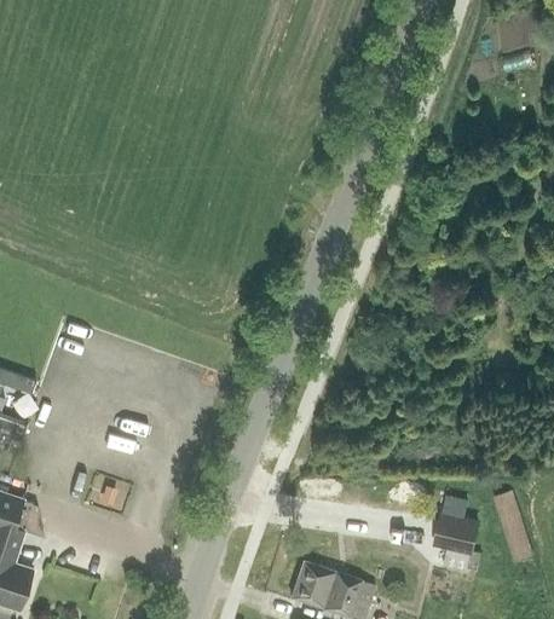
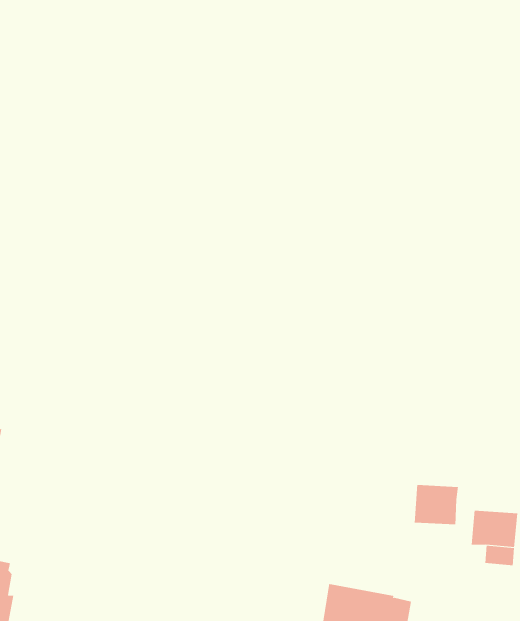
building: none -> [414,484,458,525]

